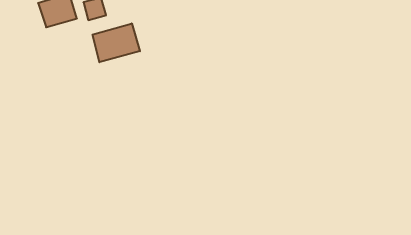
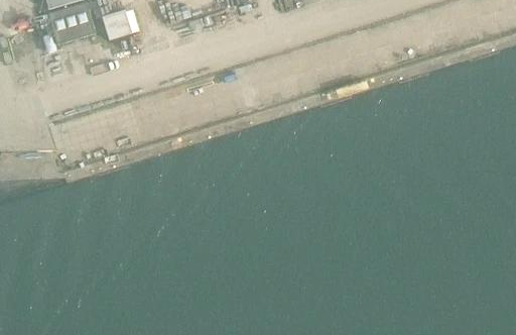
building: [93,23,140,62] -> none

